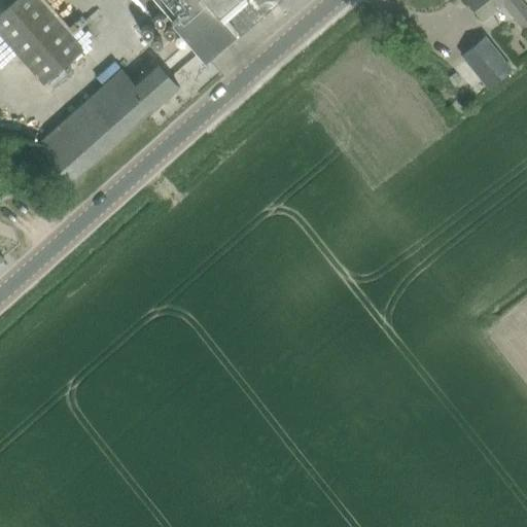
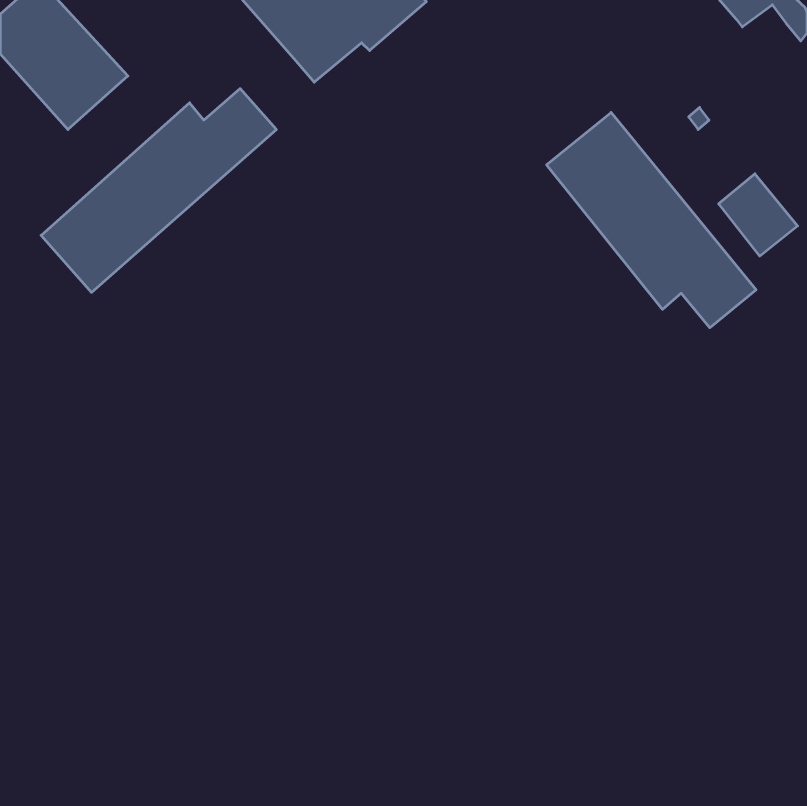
building: [462,33,514,86] -> [719,174,798,256]
building: none -> [547,112,756,328]

